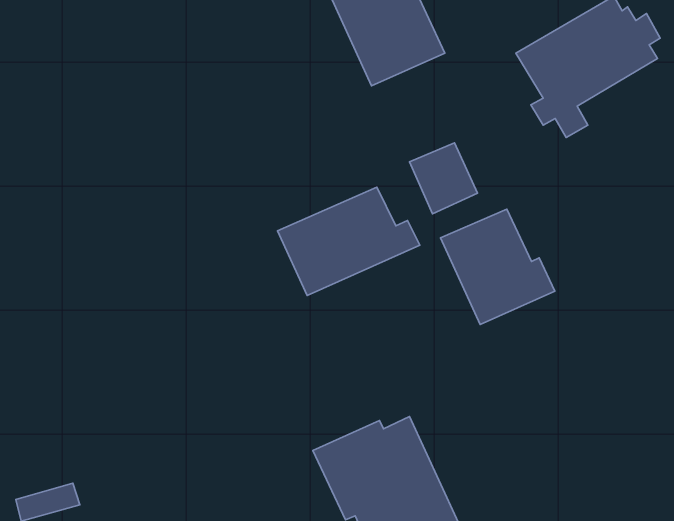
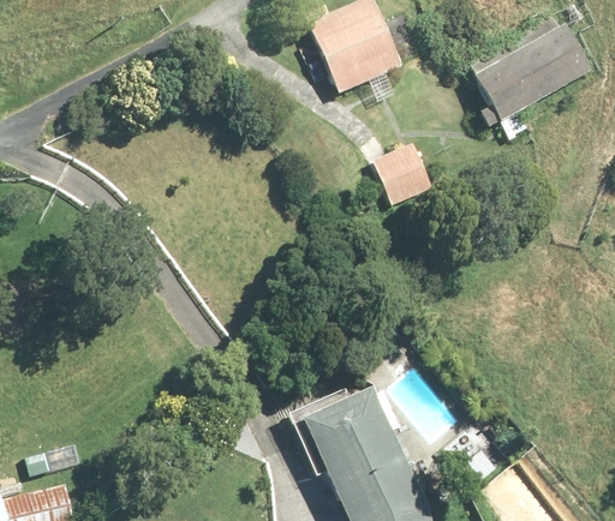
building: [277,187,420,296] -> none
building: [441,209,555,325] -> none

